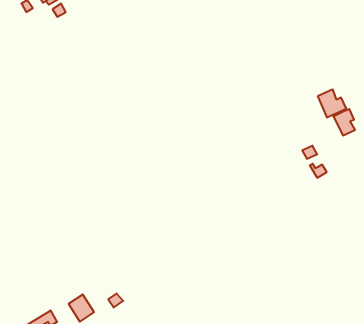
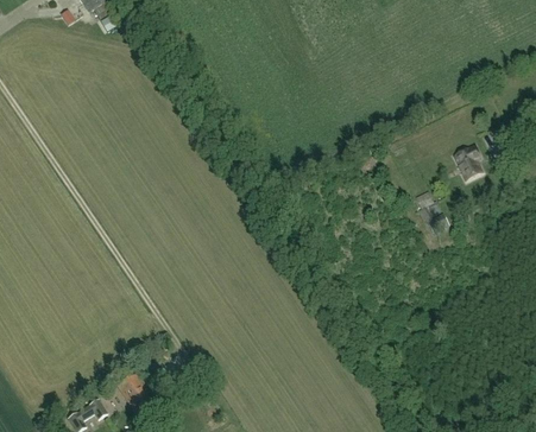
building: [318,89,346,118] -> none

